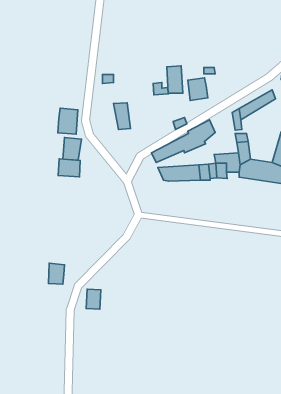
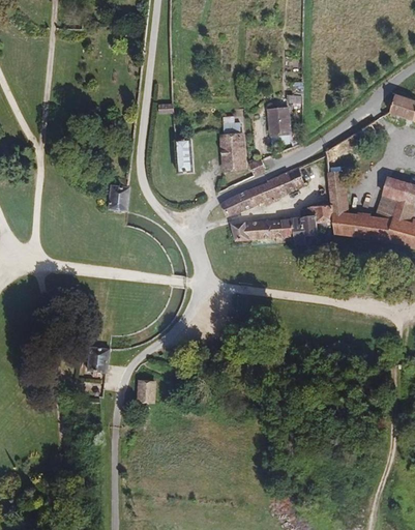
building: [167,66,183,93] -> [221,135,242,170]
building: [58,108,78,134] -> none
building: [58,159,80,177] -> none

